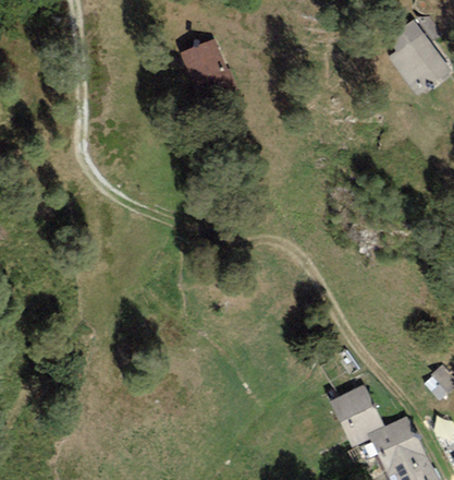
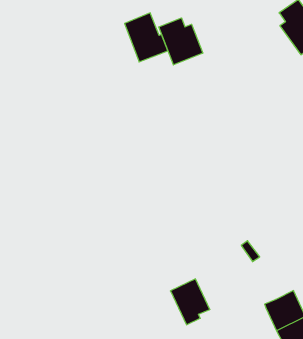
building: none -> [159,18,203,65]
building: [330,384,383,446] -> [170,279,210,325]

